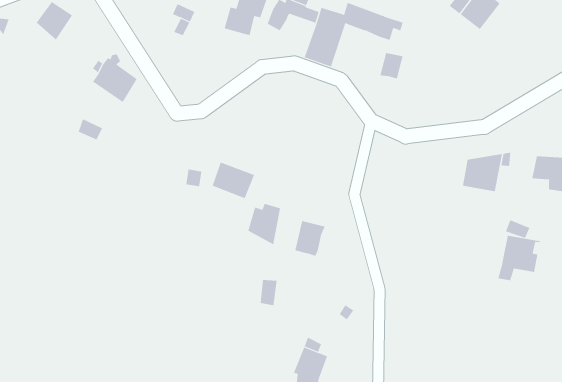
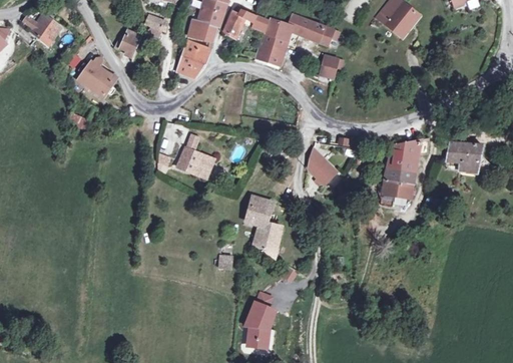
building: none -> [113,31,141,57]
building: none -> [177,41,210,78]
building: none -> [309,149,337,185]
building: [247,203,281,245] -> [253,222,282,257]
building: [498,235,541,281] -> [380,167,416,206]

